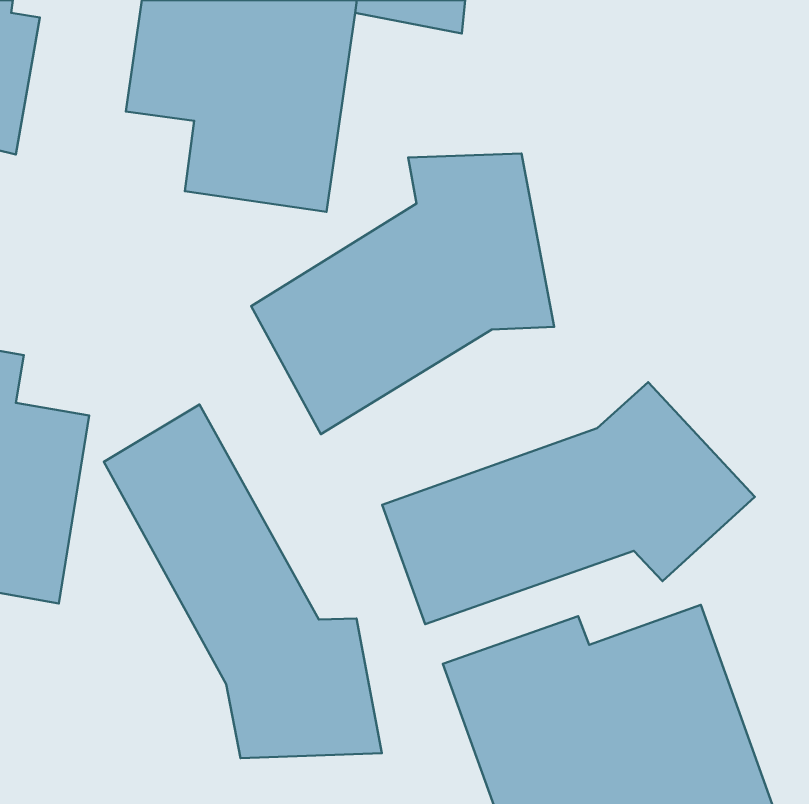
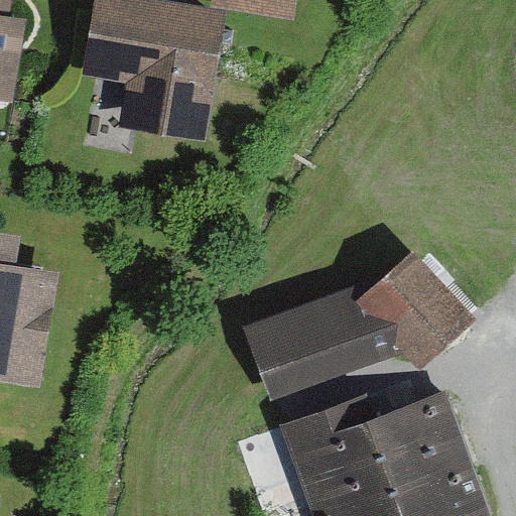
building: [251,153,554,434] -> none
building: [104,404,382,758] -> none

